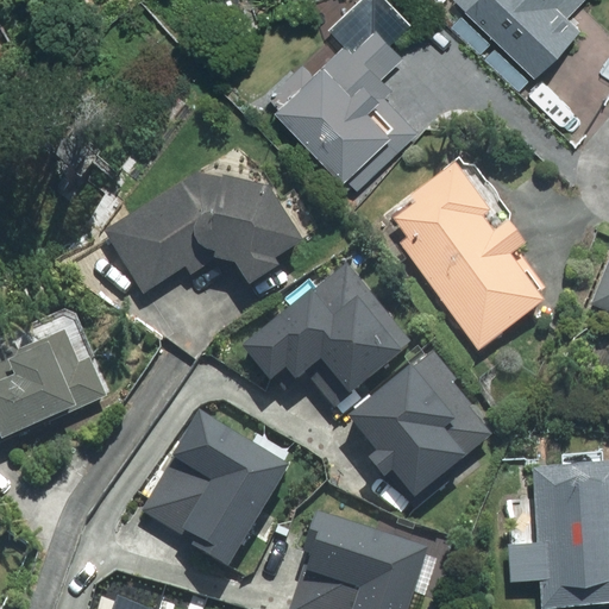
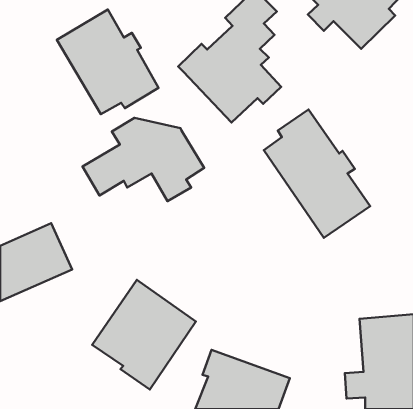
building: none -> [57,10,159,114]
building: [233,259,412,404] -> none
building: [346,347,491,497] -> none

